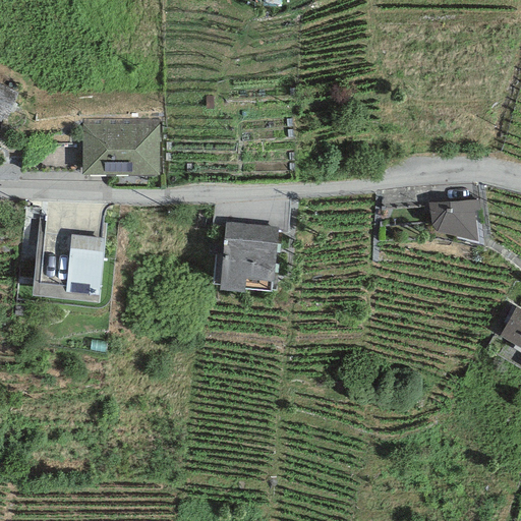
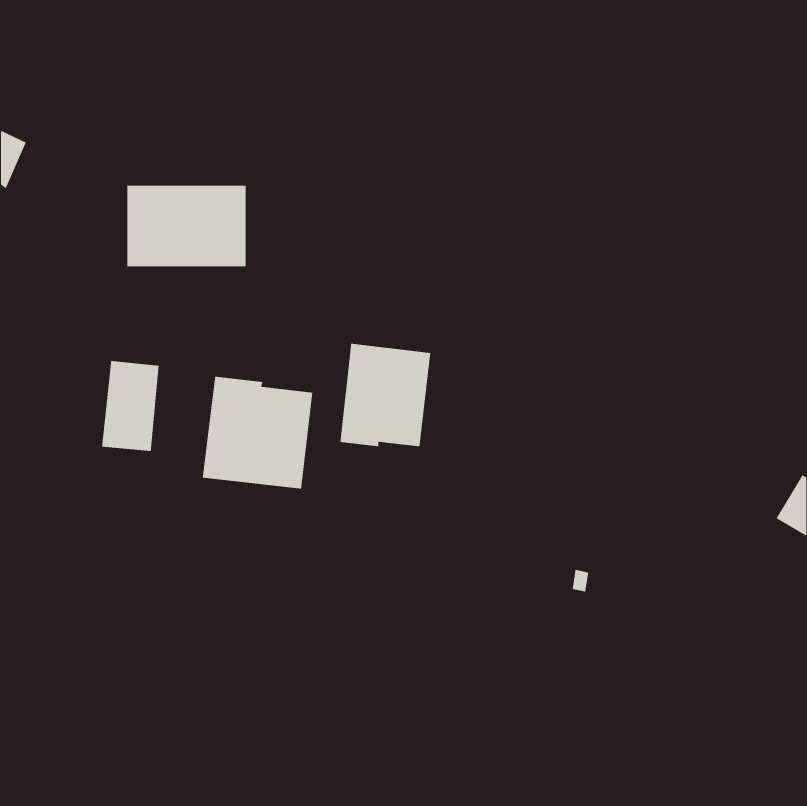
building: [428,200,480,239] -> none
building: none -> [202,376,313,490]

